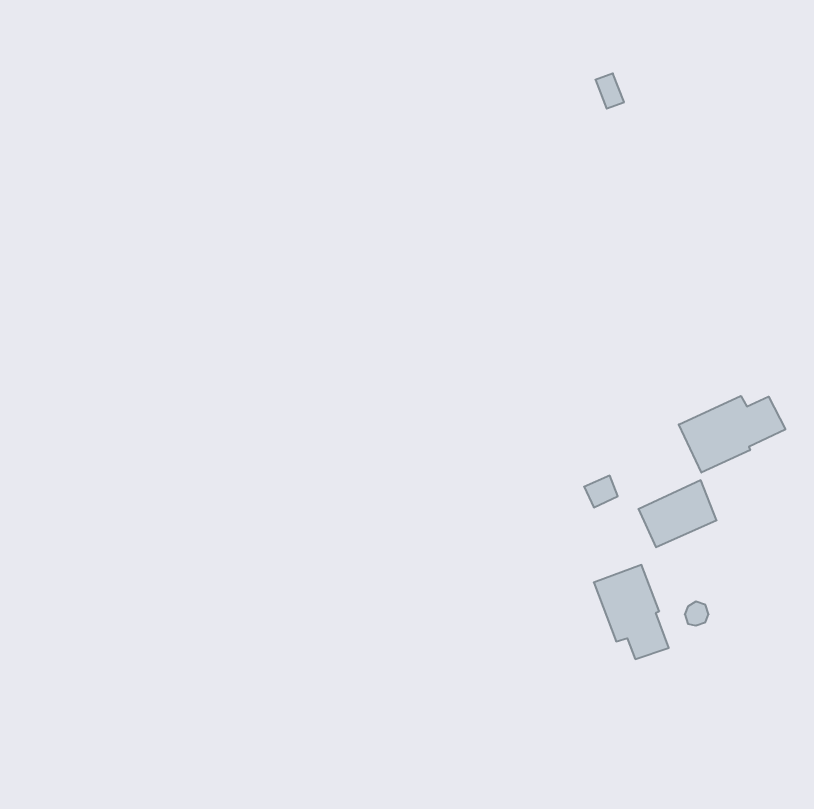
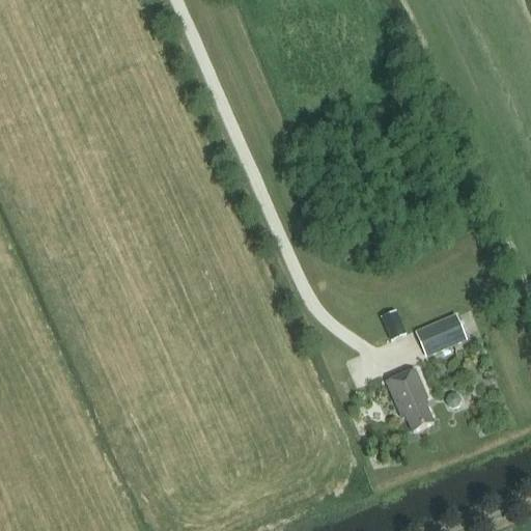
building: [679,396,785,473] -> none

